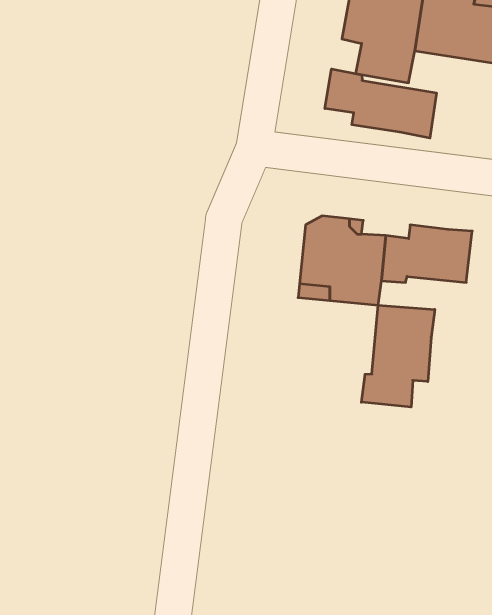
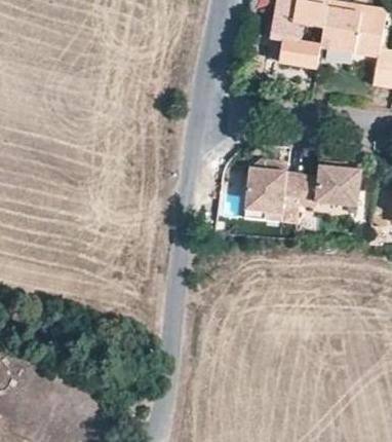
building: [325,69,436,138] -> none
building: [361,305,435,407] -> none

